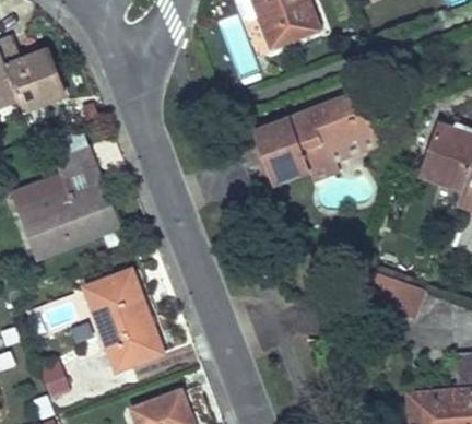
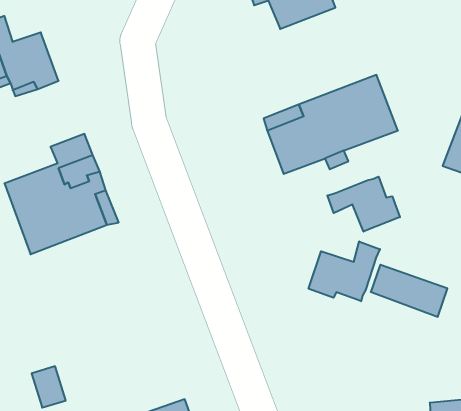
building: none -> [327,177,400,232]
building: none -> [309,241,380,301]
building: [86,269,163,368] -> none

